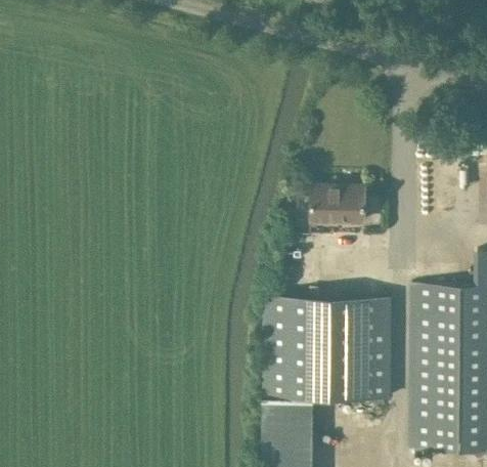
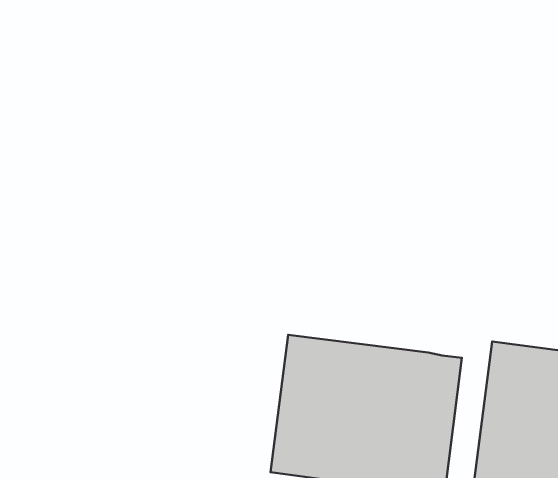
building: [311,187,364,224] -> none

